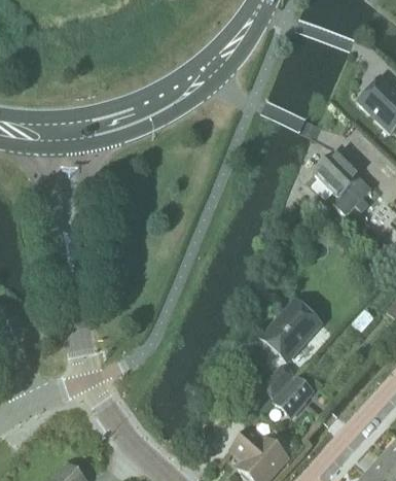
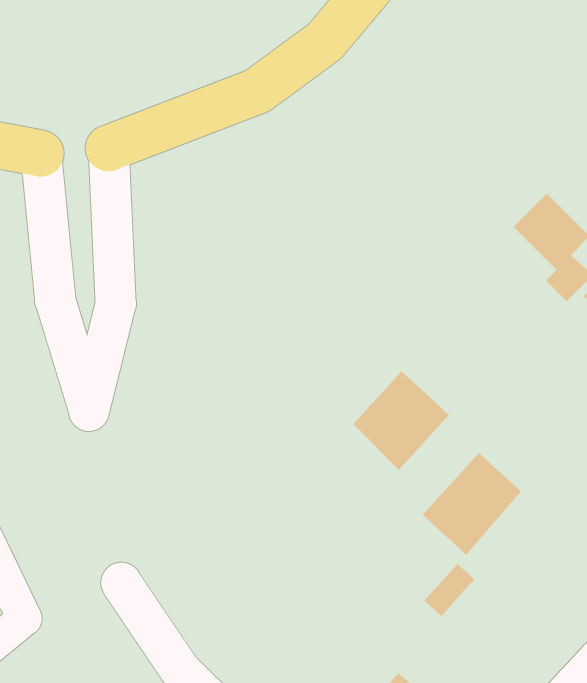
building: none -> [352,371,450,471]
building: [276,378,314,413] -> none

